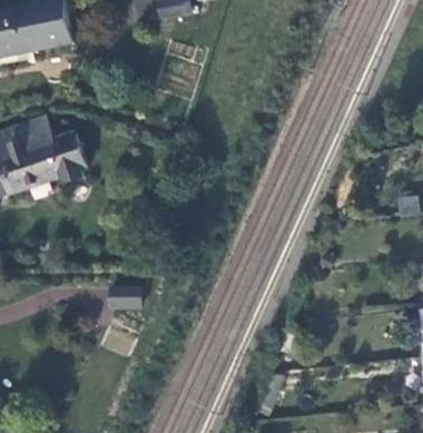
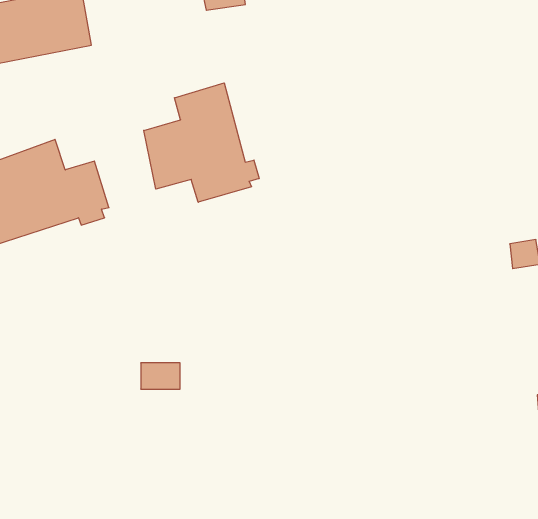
building: none -> [144,83,259,202]

